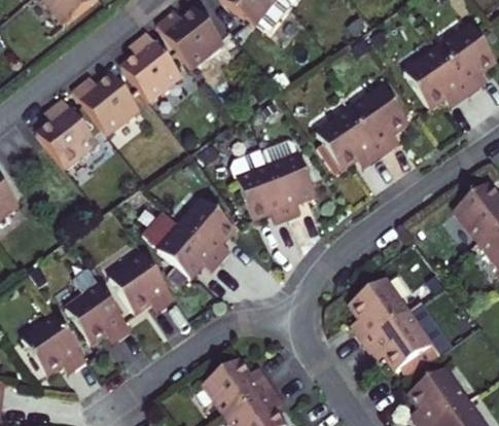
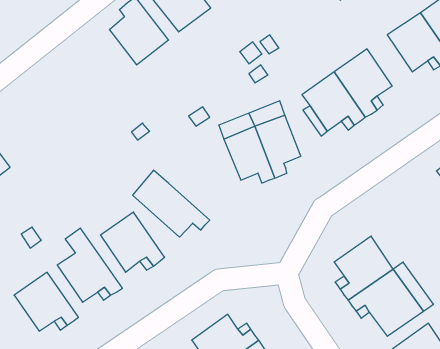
building: [70,72,138,135] -> none
building: [33,98,95,168] -> none
building: [179,199,236,261] -> none

